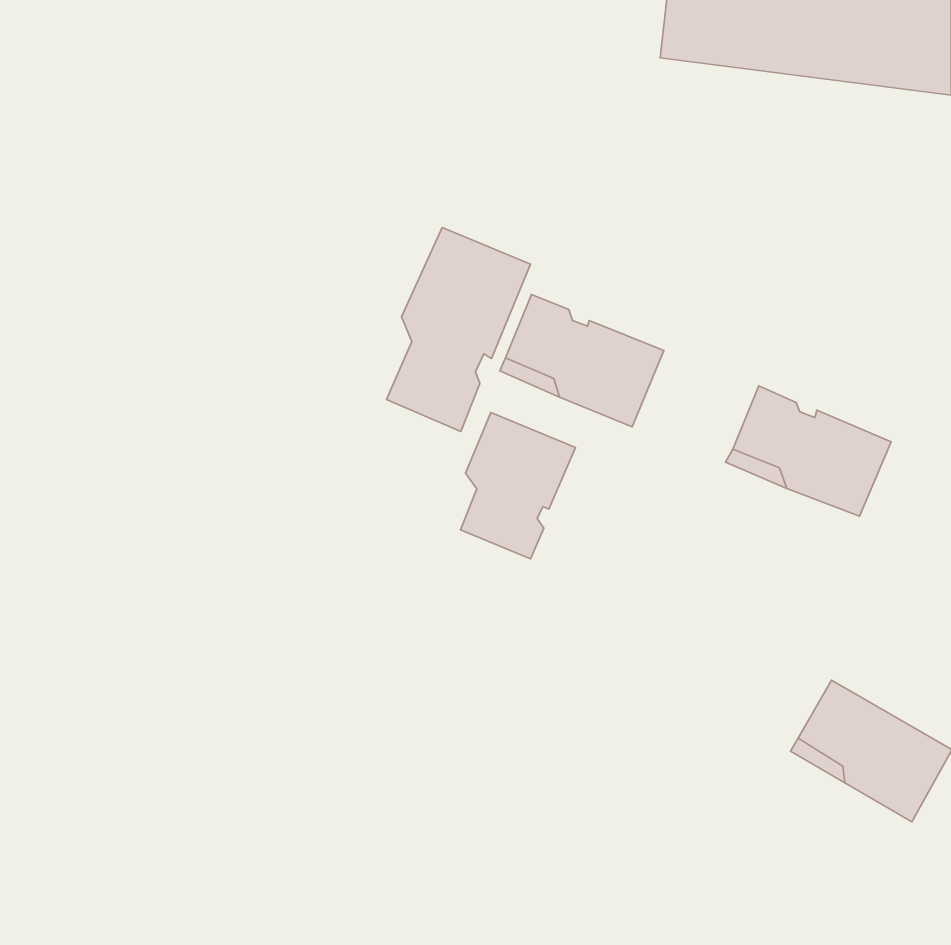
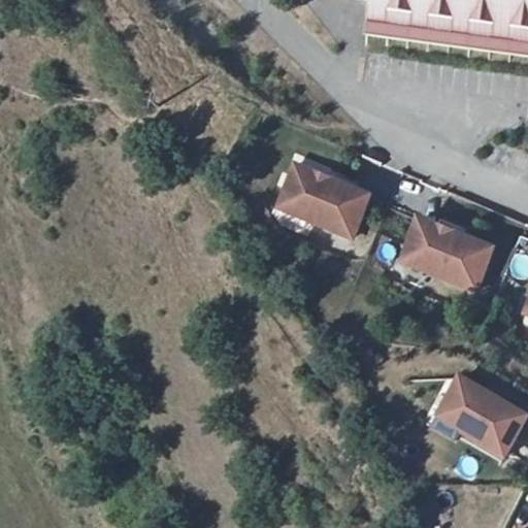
building: [386,228,531,431] -> none
building: [460,413,575,559] -> none

